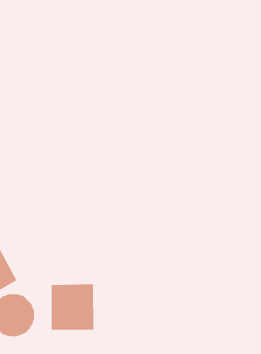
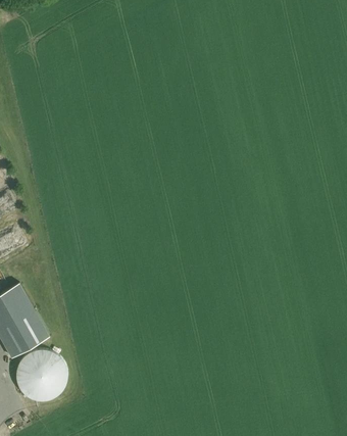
building: [51,284,94,331] -> none

